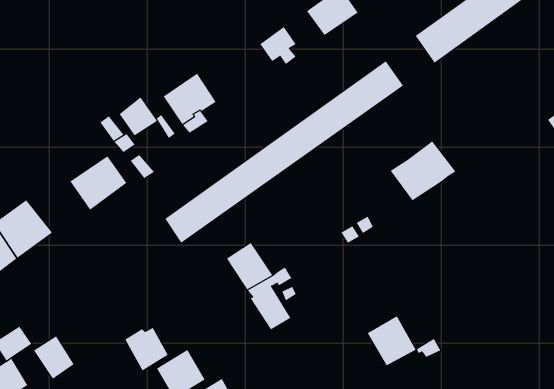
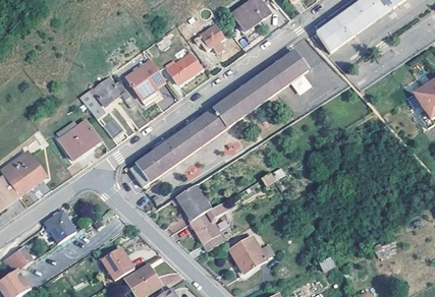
building: none -> [170,54,203,84]
building: [390,141,456,201] -> none
building: [367,315,416,366] -> [229,235,266,273]
building: [33,335,74,379] -> [44,210,74,242]

